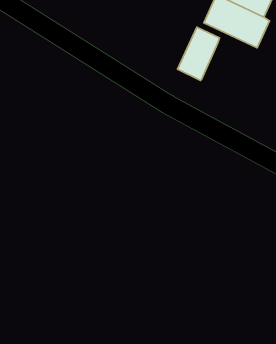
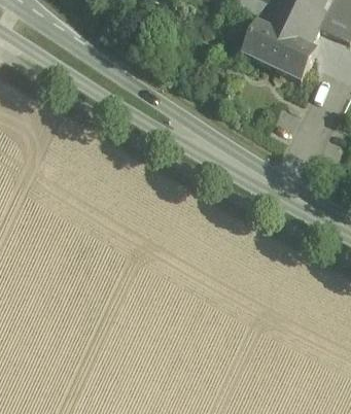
building: [177,27,219,80] -> none

